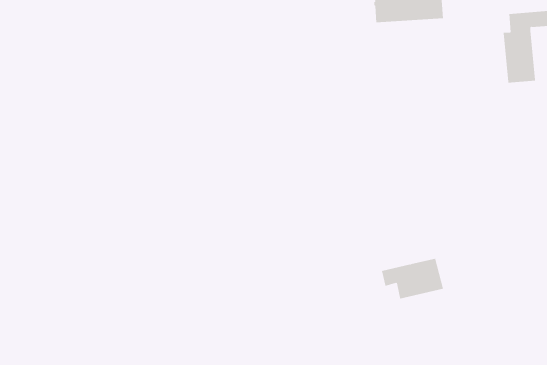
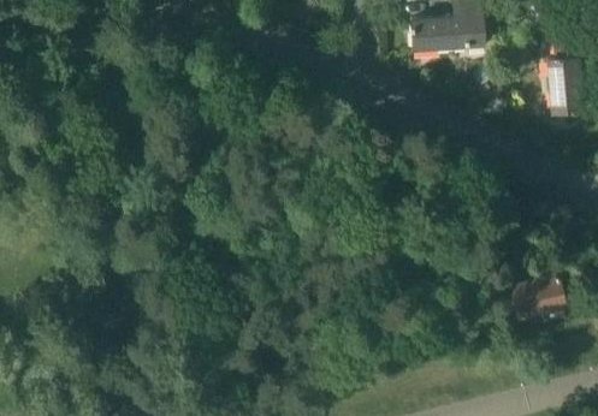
building: [381,258,444,299] -> [499,273,566,316]

